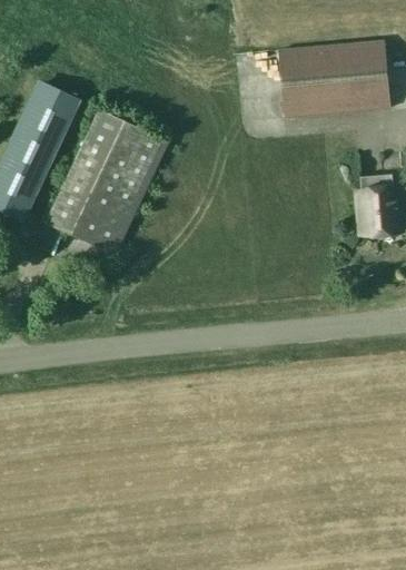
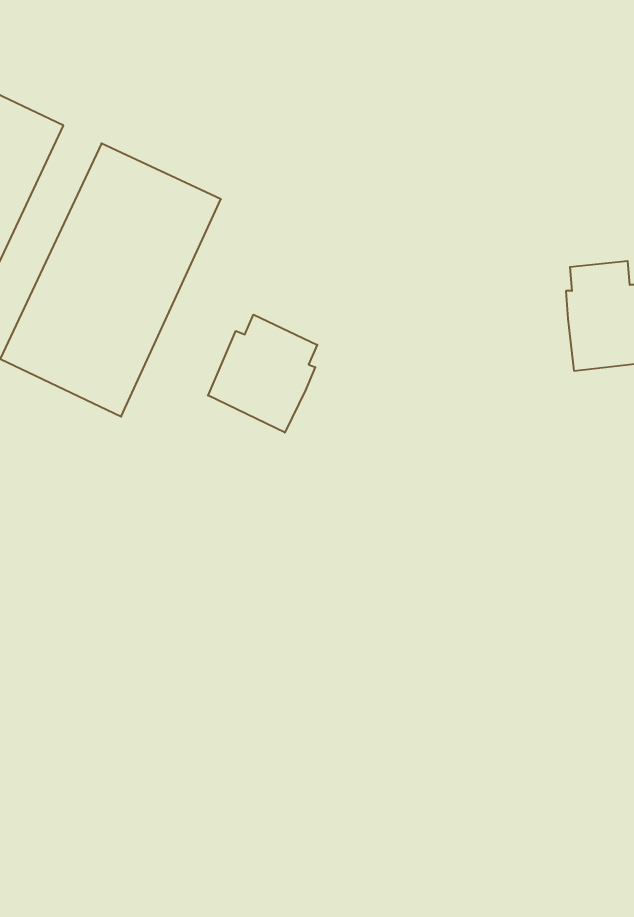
building: [279,41,390,117] -> none
building: none -> [208,315,317,433]

